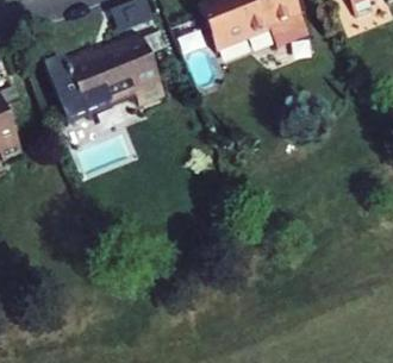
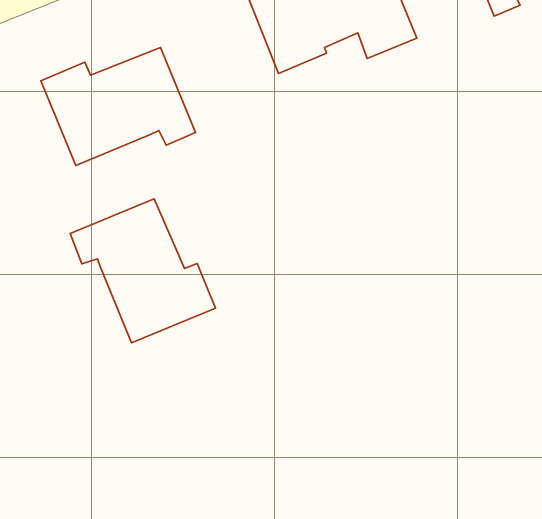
building: none -> [70,199,216,343]

